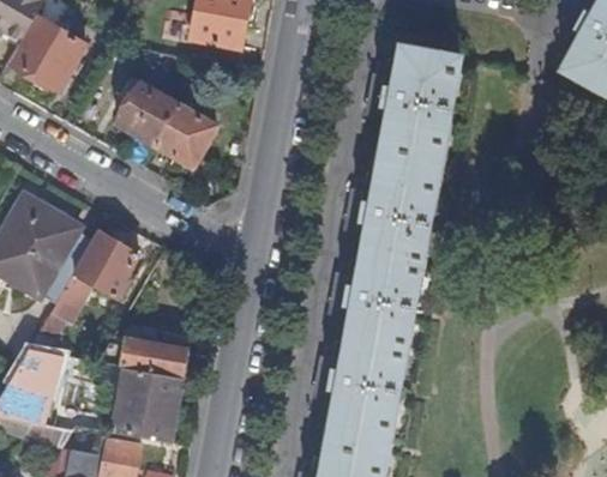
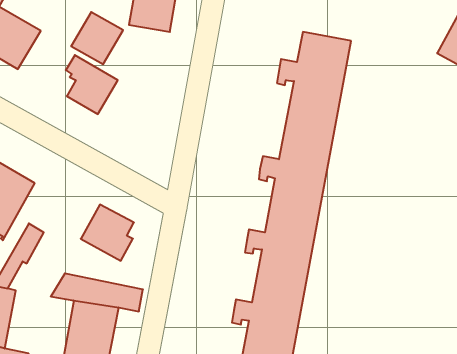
building: [156,104,218,167] -> [71,12,123,64]
building: [76,233,139,300] -> [81,205,134,261]

